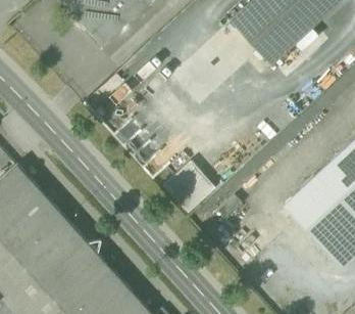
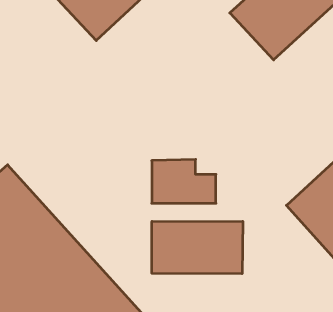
building: none -> [152,221,243,274]

